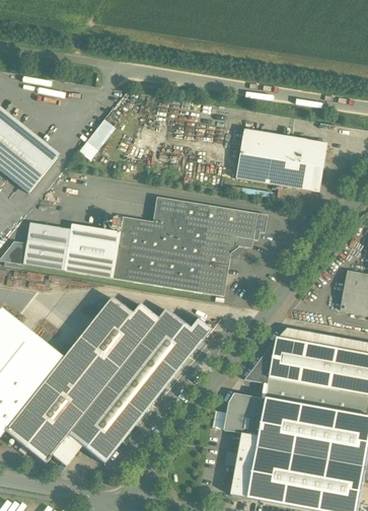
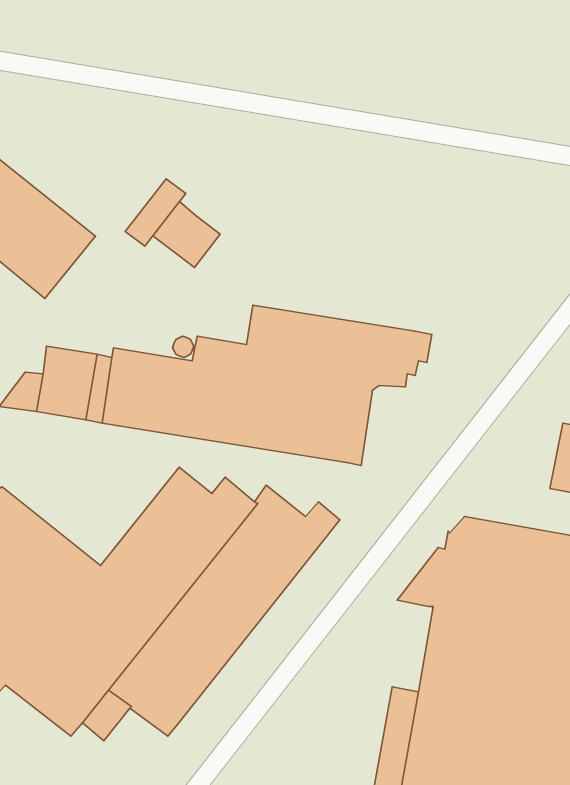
building: [235,129,328,192] -> none
building: none -> [153,202,220,267]
building: [225,383,269,436] -> none

